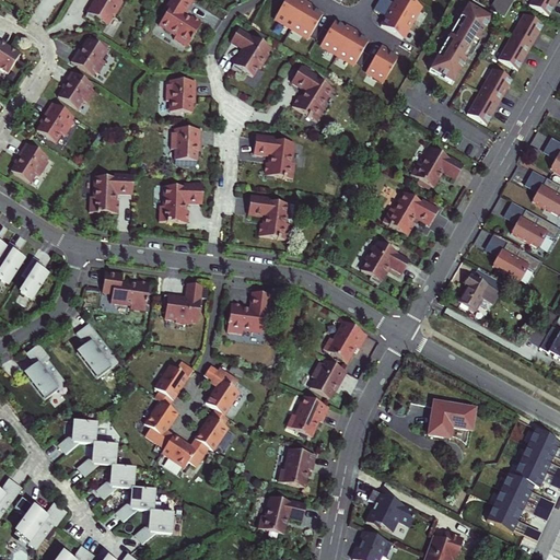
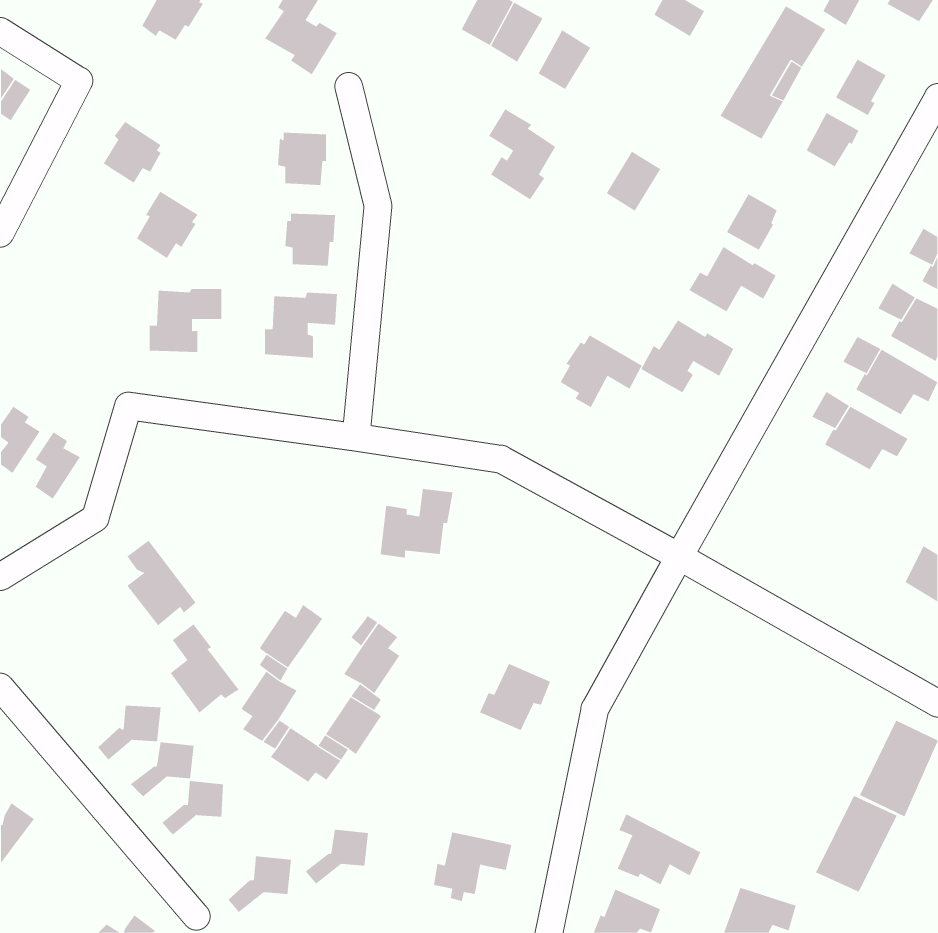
building: [381,9,411,37] -> none
building: [511,12,542,45] -> none
building: [231,27,271,75] -> none
building: [337,28,369,63] -> none
building: [70,37,106,74] -> none
building: [366,45,399,81] -> [606,151,661,211]
building: [467,90,498,124] -> [726,194,778,251]
building: [37,101,74,141] -> [136,191,198,259]
building: [253,133,294,177] -> none
building: [11,141,48,182] -> none
building: [247,194,289,237] -> none
building: [360,240,409,283] -> [560,334,643,408]
building: [101,272,149,311] -> none
building: [458,275,511,315] -> none
building: [162,282,202,323] -> none
building: [323,319,366,361] -> none
building: [24,342,66,396] -> [170,624,240,714]
building: [310,358,346,397] -> none
building: [428,400,475,435] -> none
building: [277,447,315,486] -> none
building: [116,487,154,520] -> [305,829,369,884]
building: [14,501,66,548] -> none

